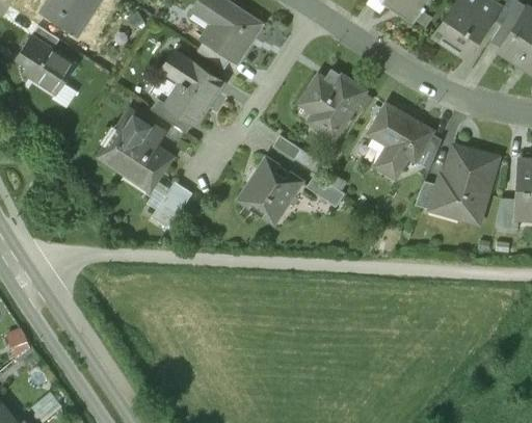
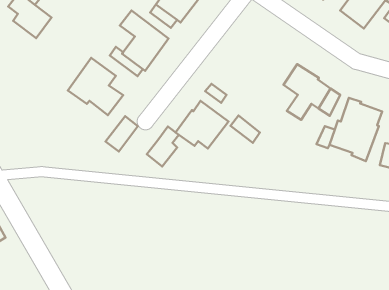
building: [300,74,364,137] -> none
building: none -> [147,126,179,167]

